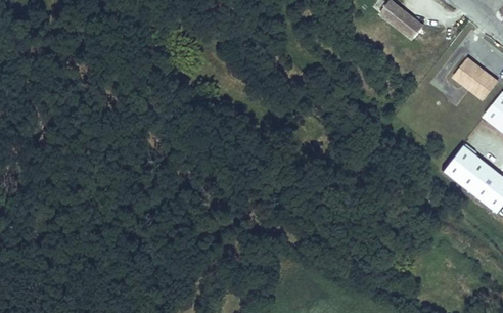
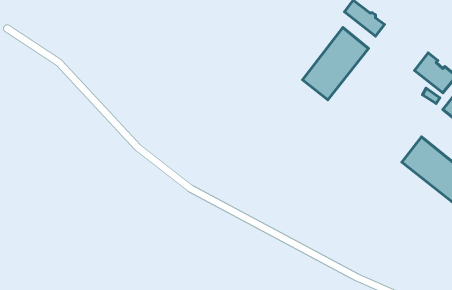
building: none -> [302,28,368,100]

